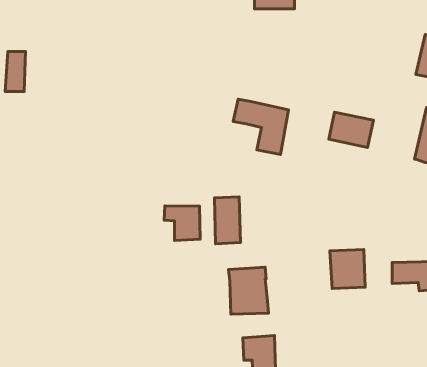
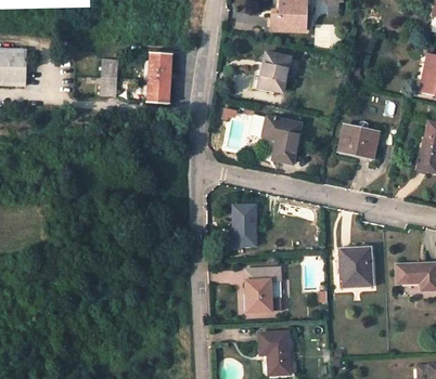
building: none -> [257,52,290,92]
building: none -> [149,53,171,104]
building: [5,52,25,92] -> [99,60,117,96]
building: [164,206,200,240] -> none

